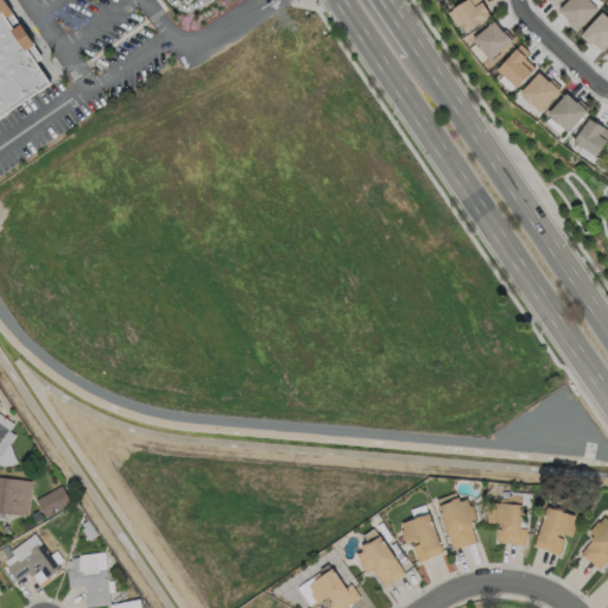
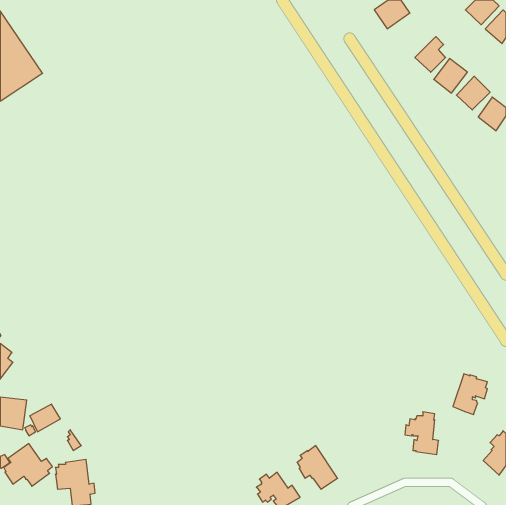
building: [474,21,513,61] -> none
building: [437,498,476,551] -> none
building: [400,505,442,563] -> none
building: [533,507,575,556] -> [453,374,487,415]

